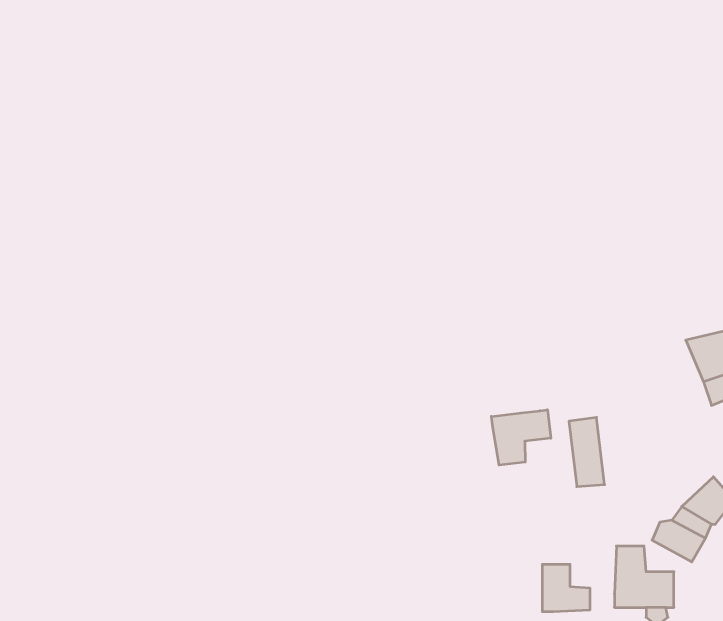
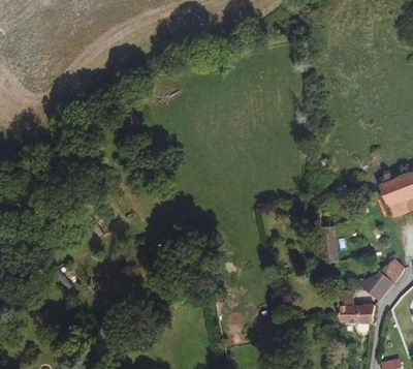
building: [491,410,551,465] -> none
building: [542,564,590,612] -> none

